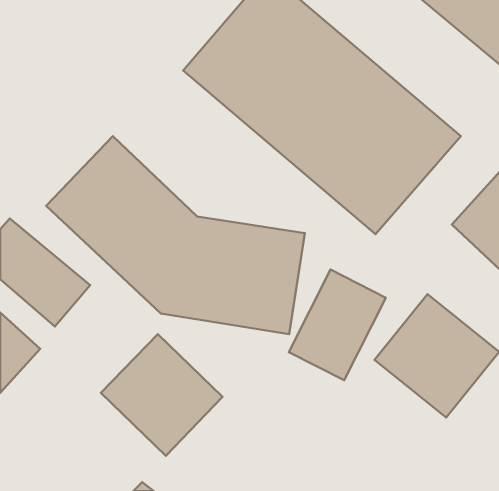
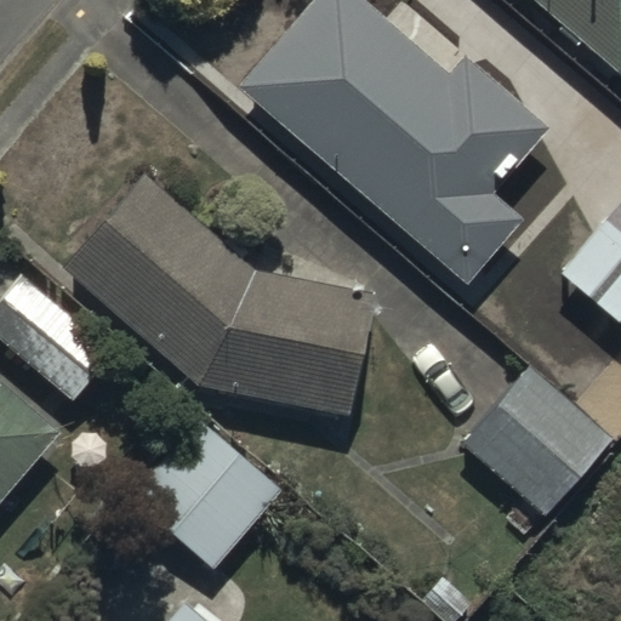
building: [289,270,386,380] -> none

